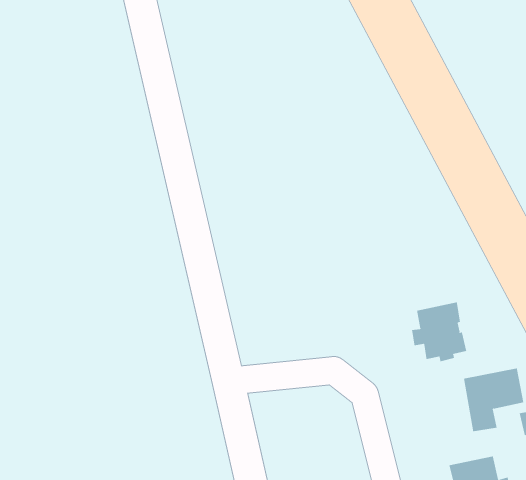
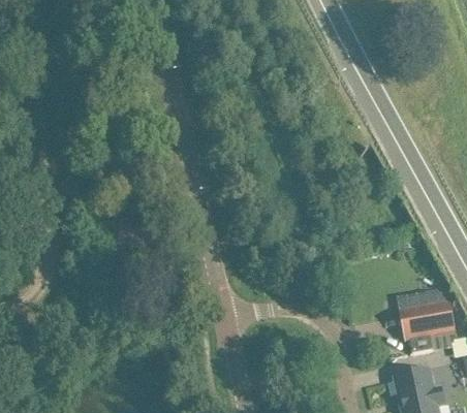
building: [411,302,467,362] -> none

